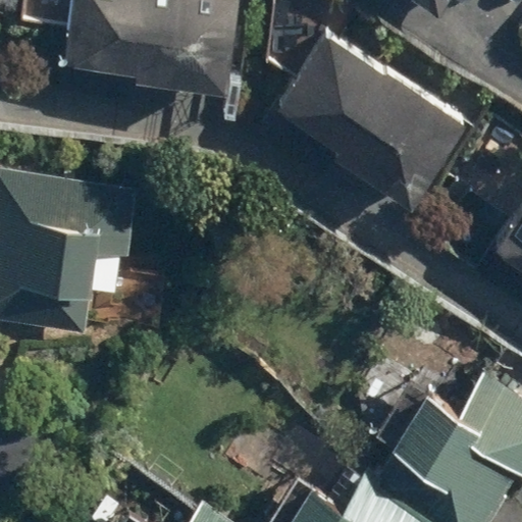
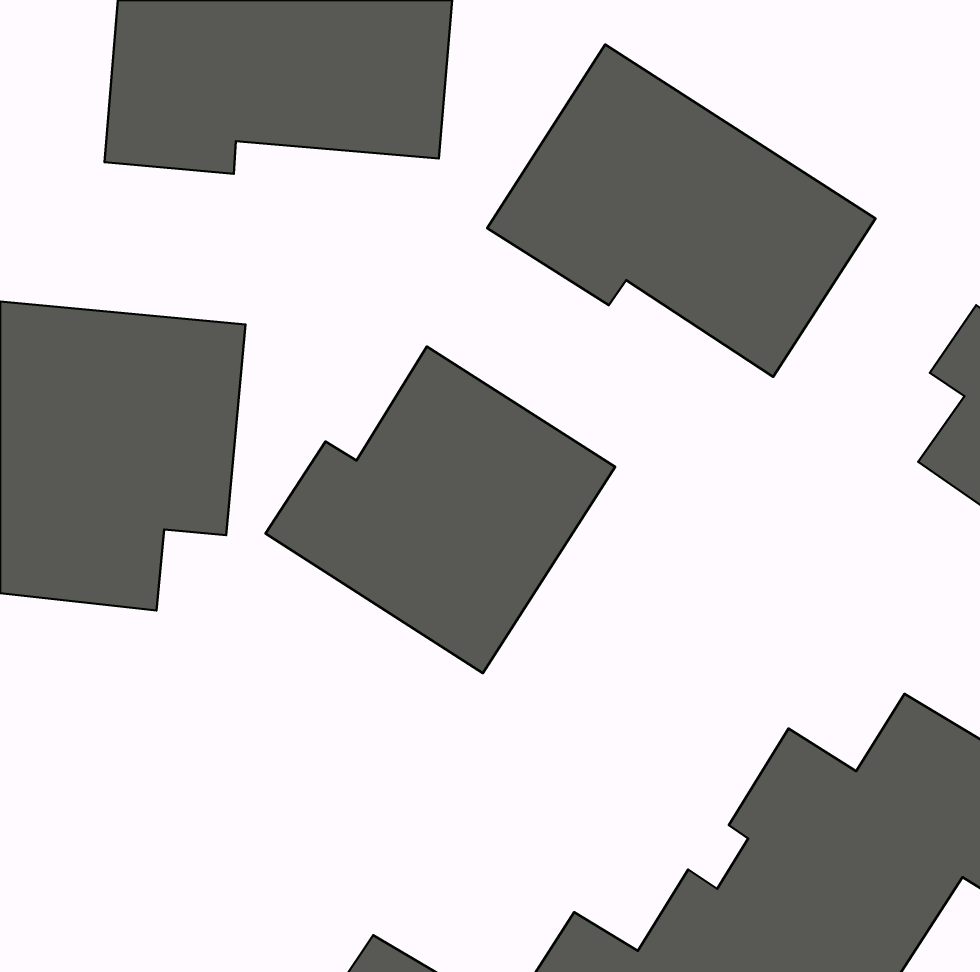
building: none -> [265,346,615,673]

